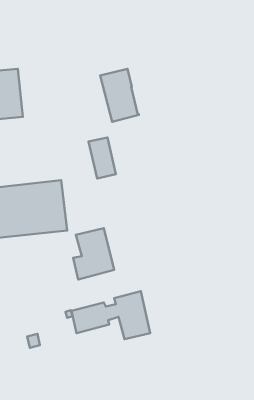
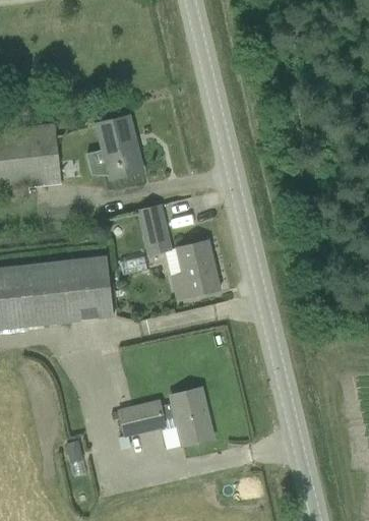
building: [100,69,139,122] -> [96,115,141,178]
building: [73,228,114,279] -> [171,239,220,300]

